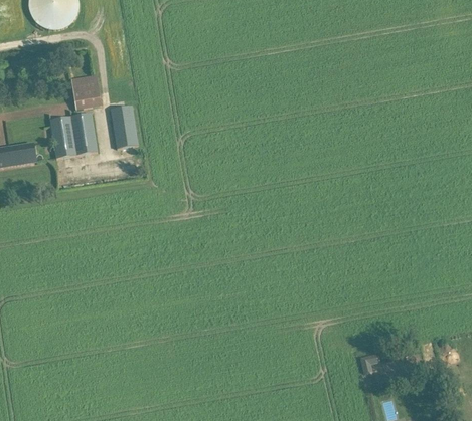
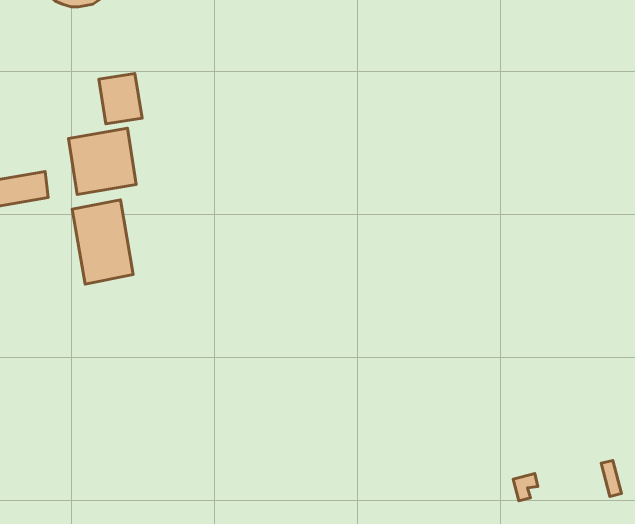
building: [112,106,139,149] -> none
building: none -> [72,200,133,284]

